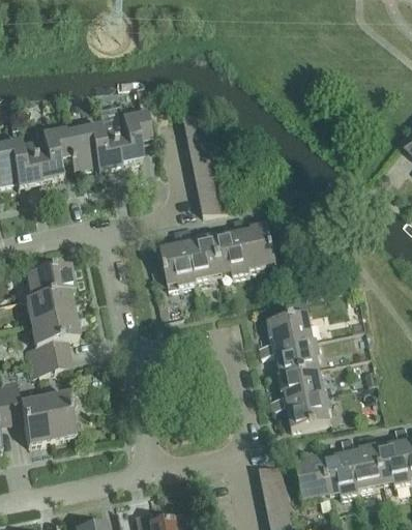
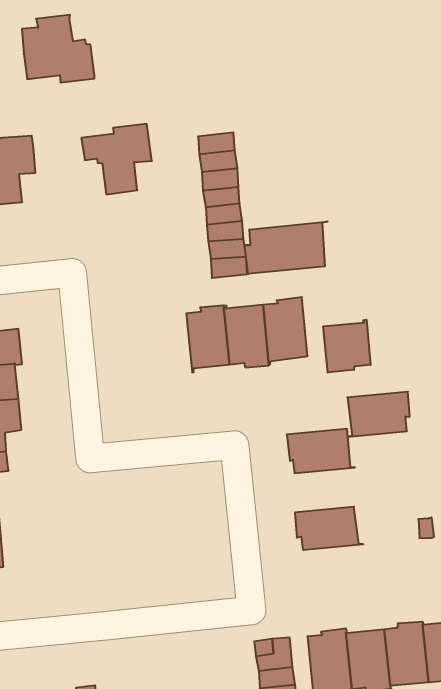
building: [66,120,121,169] -> [22,15,95,82]
building: none -> [245,221,328,274]
building: none -> [323,320,371,373]
building: [159,240,195,286] -> none
building: [274,337,320,374] -> [347,392,410,437]
building: [286,391,331,428] -> none

